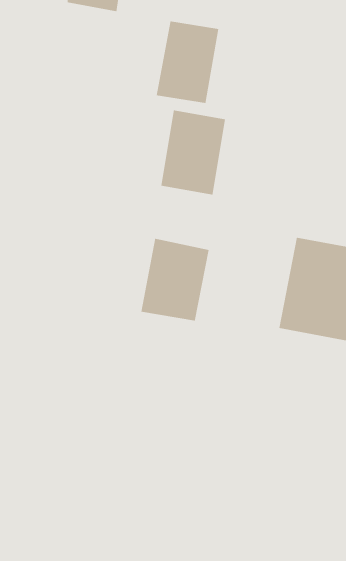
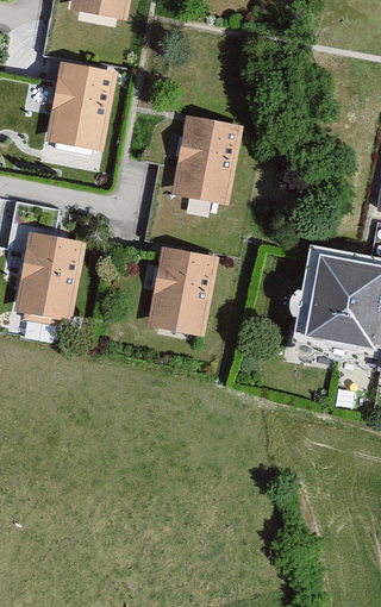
building: [156,21,219,104] -> [51,63,115,148]
building: none -> [18,232,83,318]

